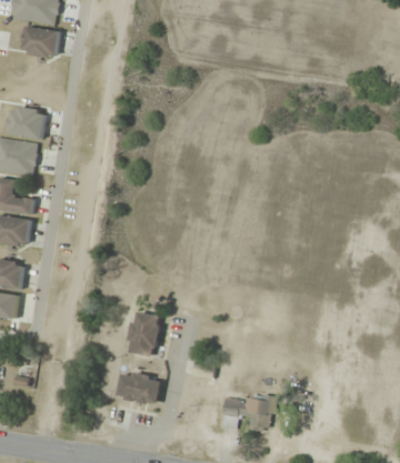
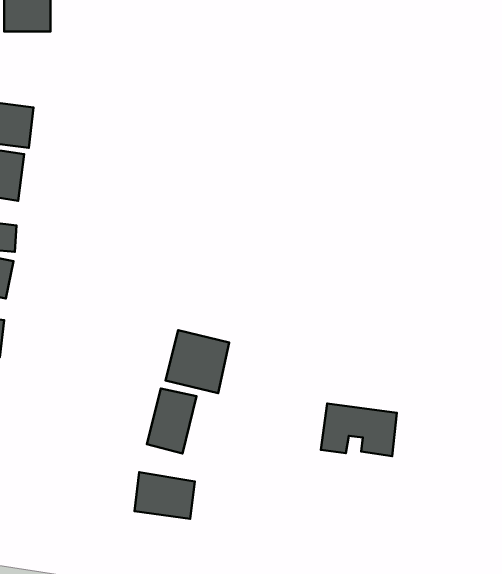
building: none -> [165,330,229,393]
building: [220,394,274,432] -> [321,403,397,456]

